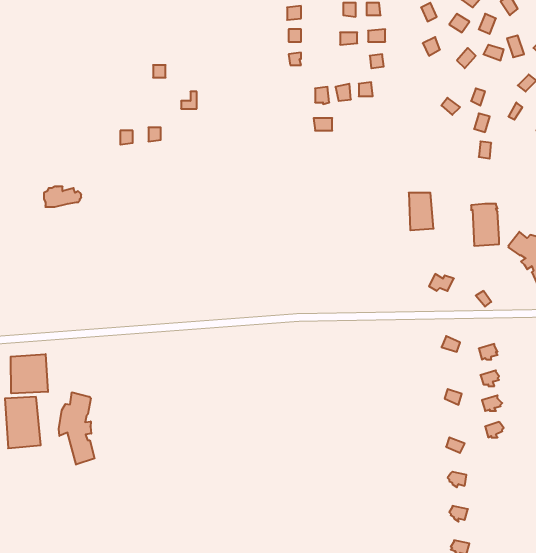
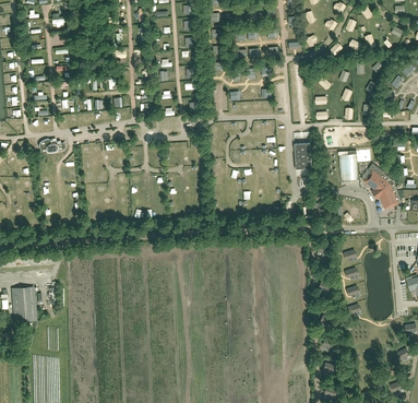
building: [11,354,48,393] -> none
building: [59,392,95,465] -> none

